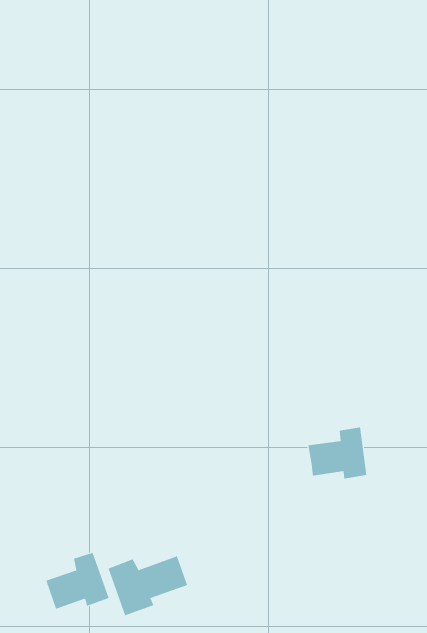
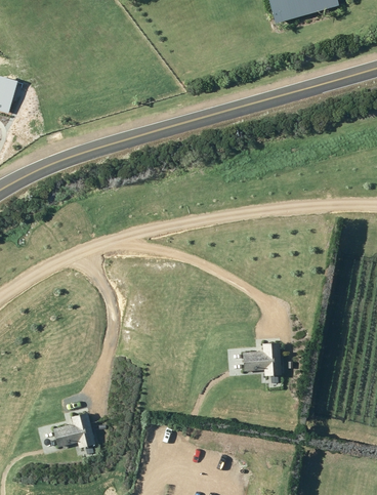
building: [108,555,188,616] -> none

